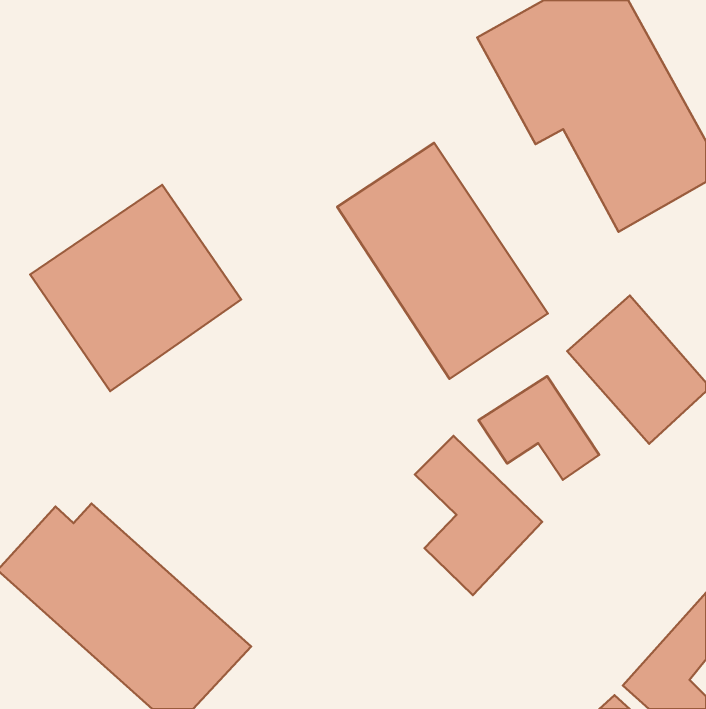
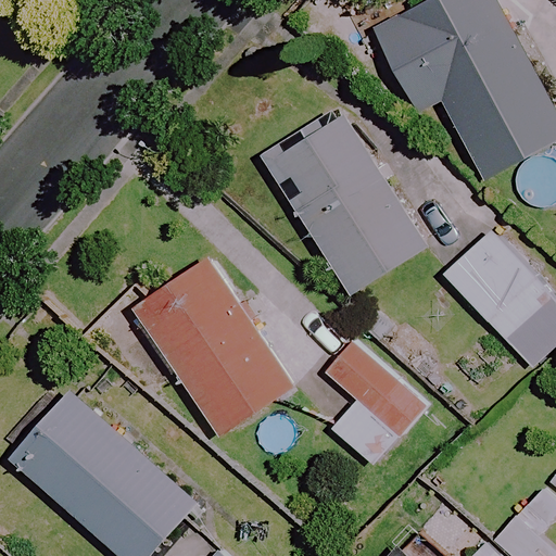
building: [30,185,241,391] -> none
building: none -> [132,257,296,438]
building: [479,376,599,480] -> none

